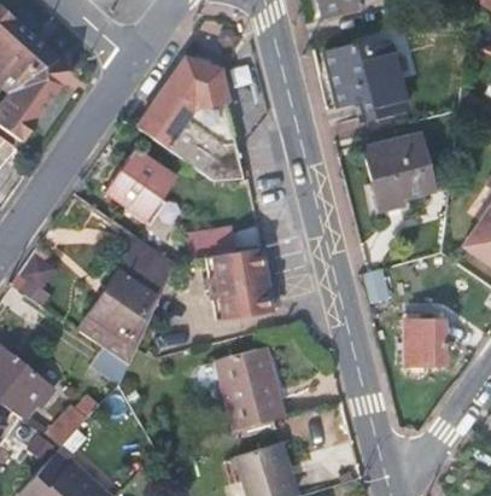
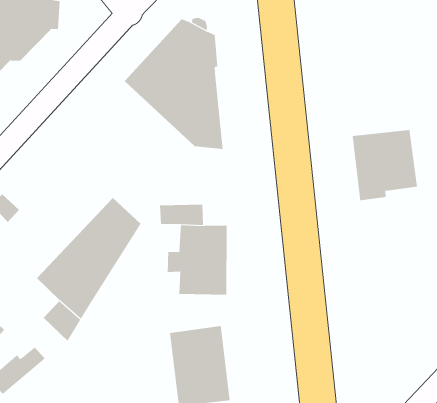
building: [322,41,404,116] -> none
building: [109,148,179,223] -> none
building: [405,315,445,362] -> none

